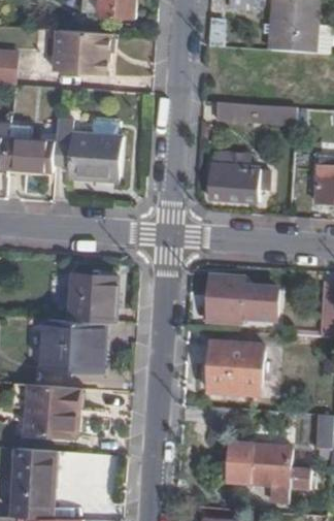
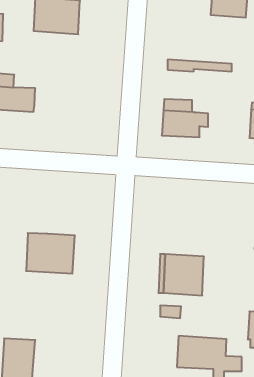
building: [54,120,120,180] -> none
building: [70,274,116,323] -> none
building: [210,279,276,321] -> none
building: [26,383,77,434] -> none

